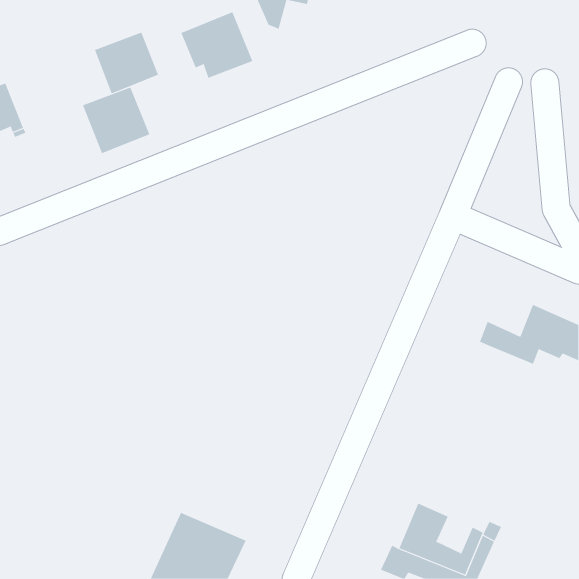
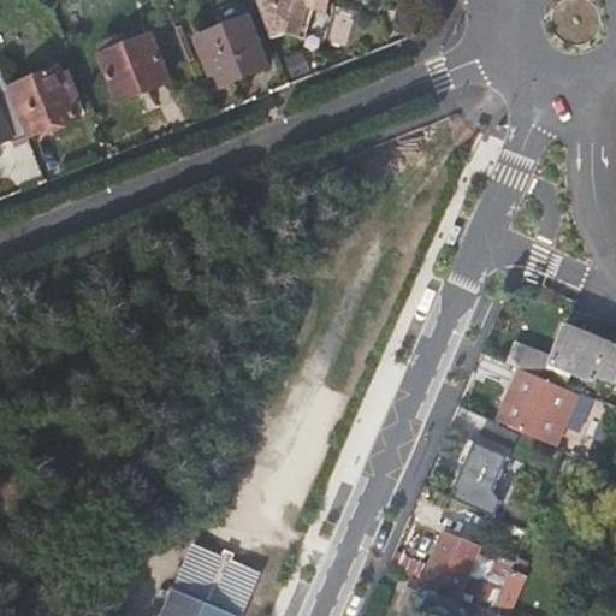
building: [82,87,150,154] -> [7,65,79,136]
building: none -> [496,367,578,446]
building: none -> [450,442,507,515]

